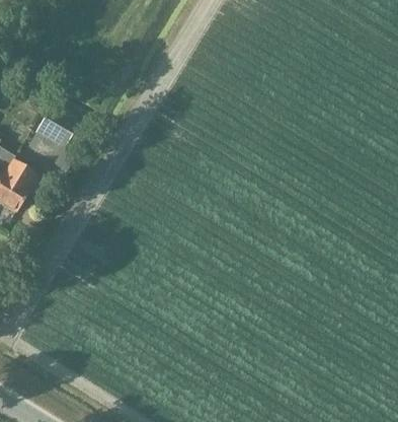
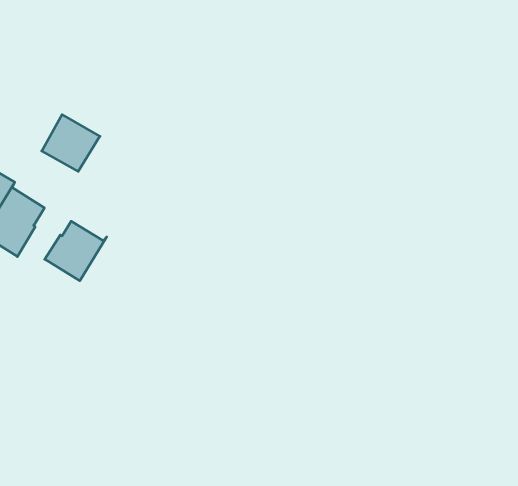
building: none -> [45,221,107,281]

